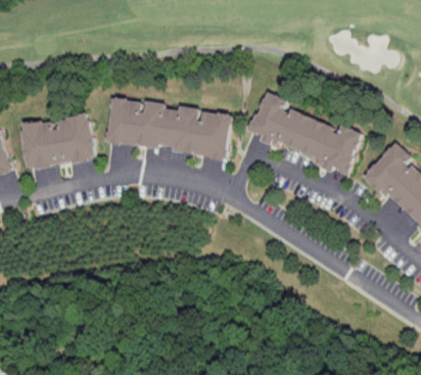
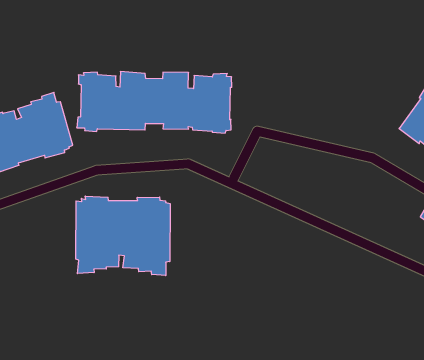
building: [250,94,365,176] -> none
building: none -> [76,196,170,276]

